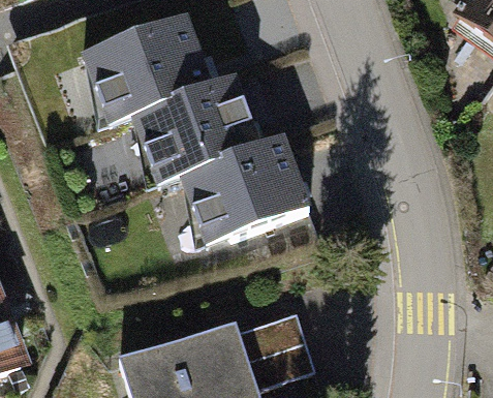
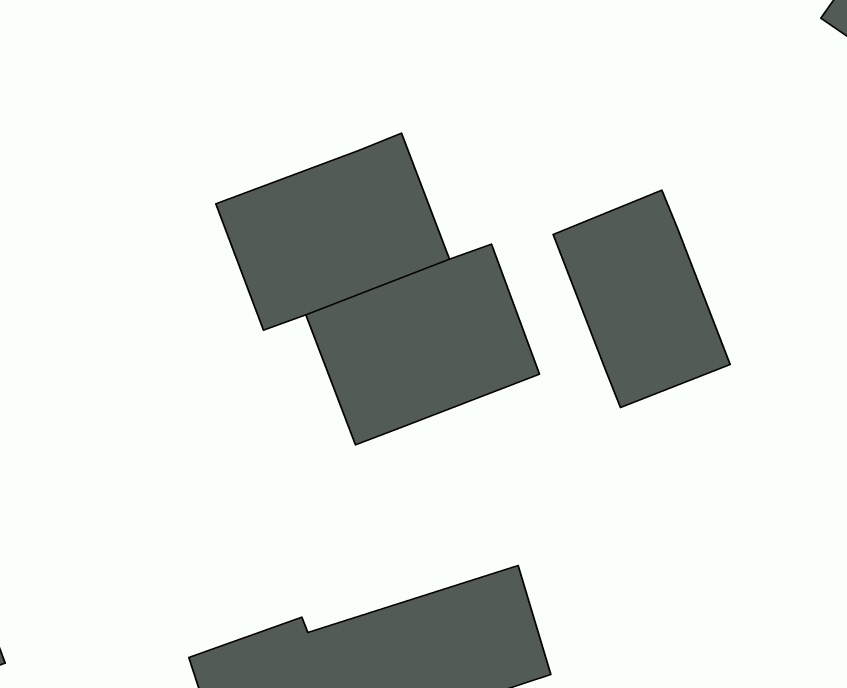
building: [82,17,210,124] -> none
building: none -> [553,190,730,407]

